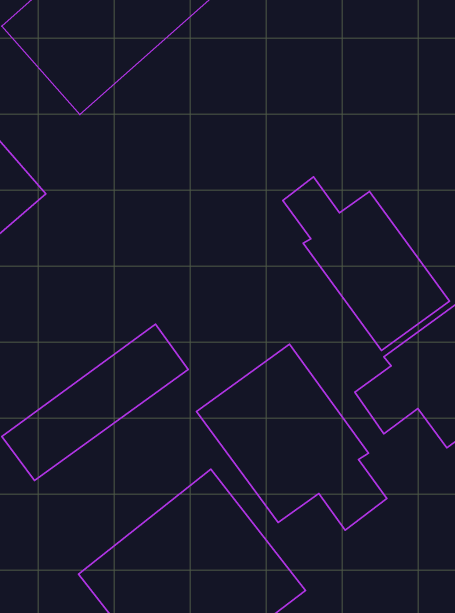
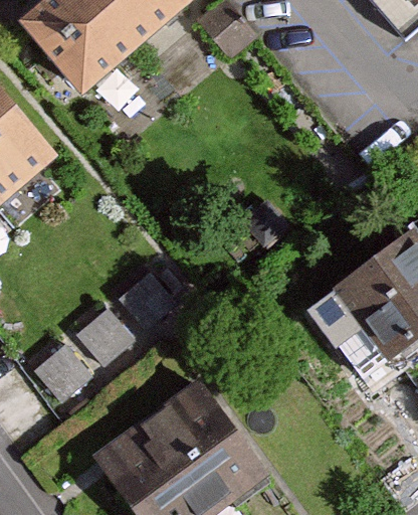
building: [283,177,450,351] -> none
building: [197,344,387,530] -> none

